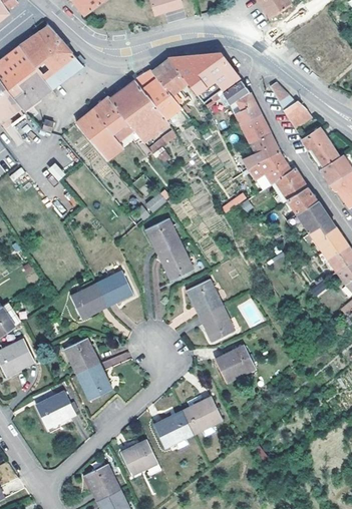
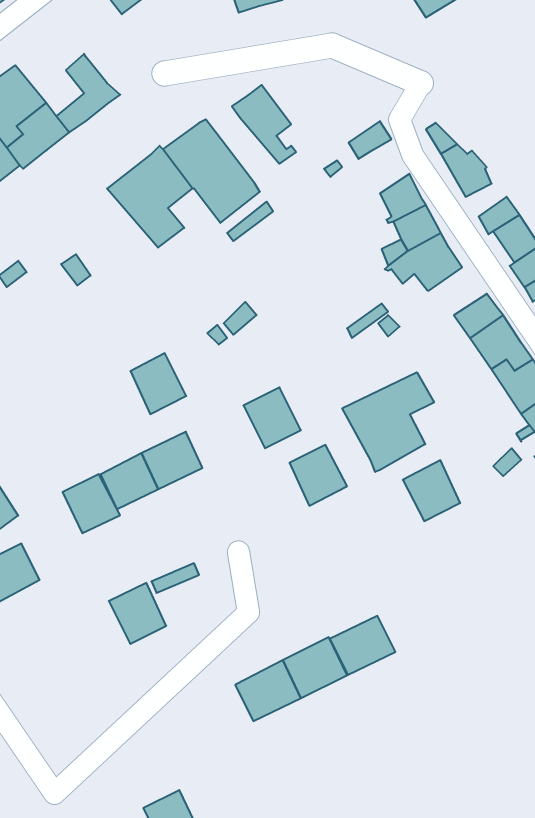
building: [19,24,61,78] -> none
building: [168,52,239,102] -> none
building: [135,71,181,119] -> none
building: [236,92,260,125] -> none
building: [272,168,307,201] -> none
building: [146,217,181,254] -> [130,353,186,414]
building: none -> [342,372,434,472]
building: [199,304,234,341] -> [403,460,460,521]
building: [64,338,99,374] -> [63,474,120,533]
building: [215,345,255,381] -> [330,616,395,675]
building: [35,391,75,428] -> none
building: [120,439,161,474] -> none
building: [85,463,119,500] -> none

